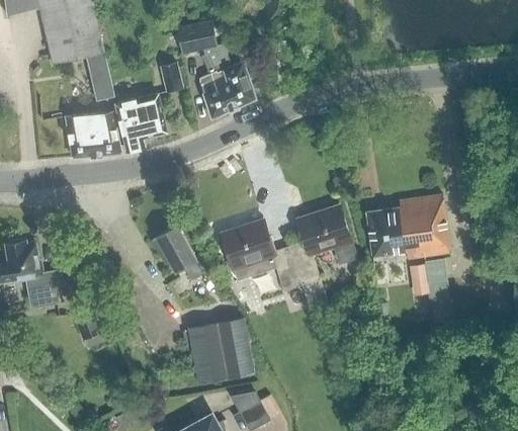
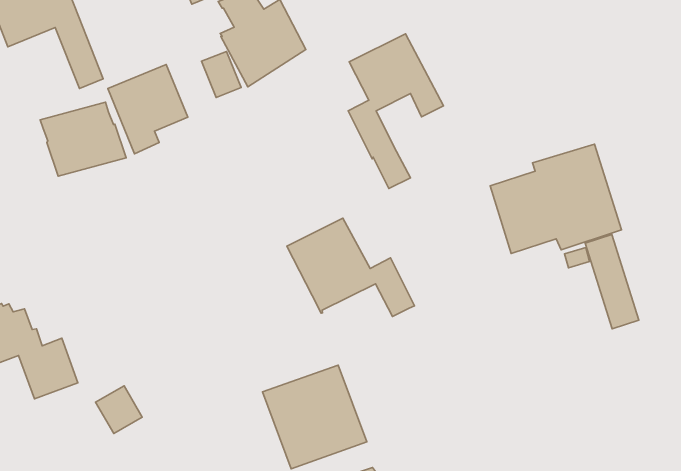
building: [159,62,183,92] -> [202,51,241,97]
building: [290,203,356,308] -> [348,34,444,189]
building: [151,225,203,279] -> none

